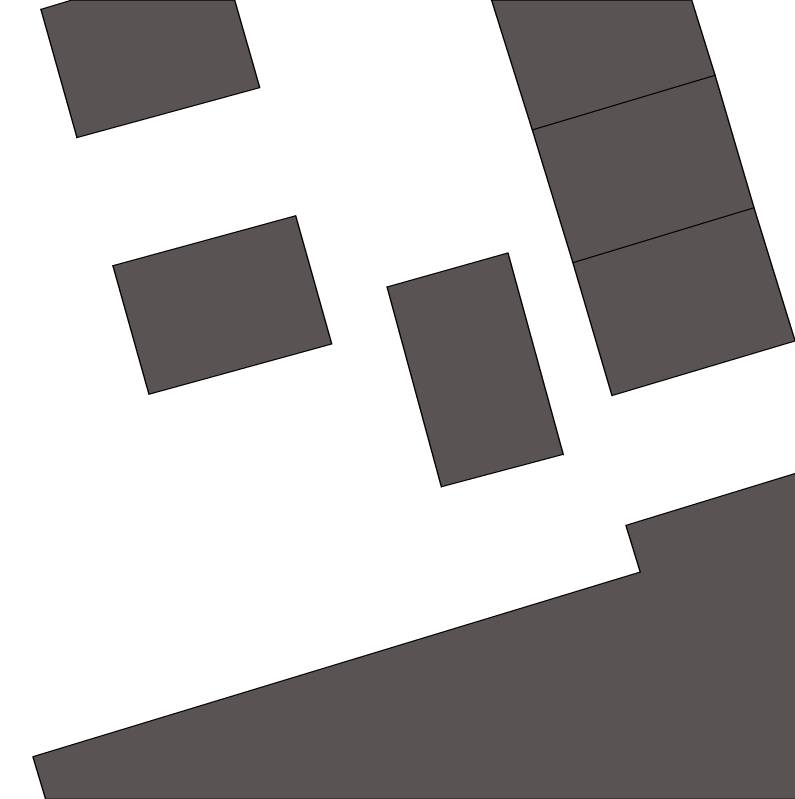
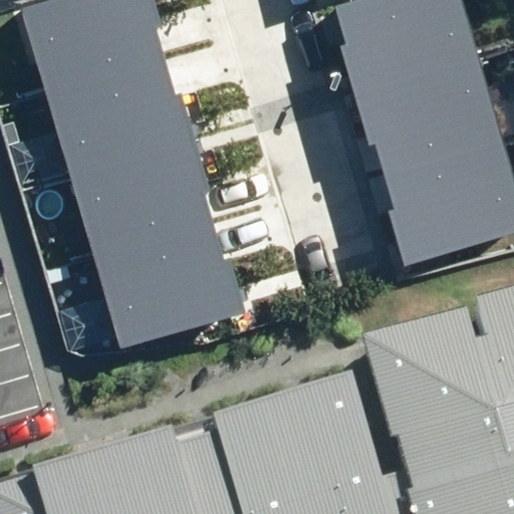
building: none -> [52,56,193,171]
building: [387,253,563,487] -> none
building: none -> [98,221,238,335]

